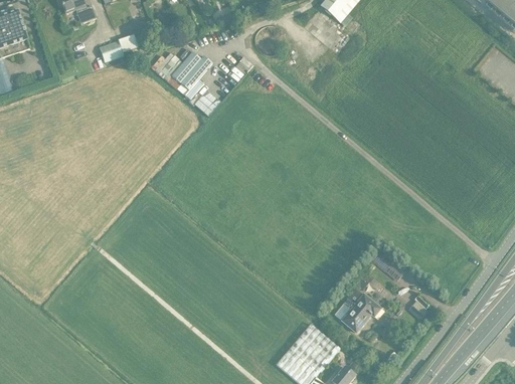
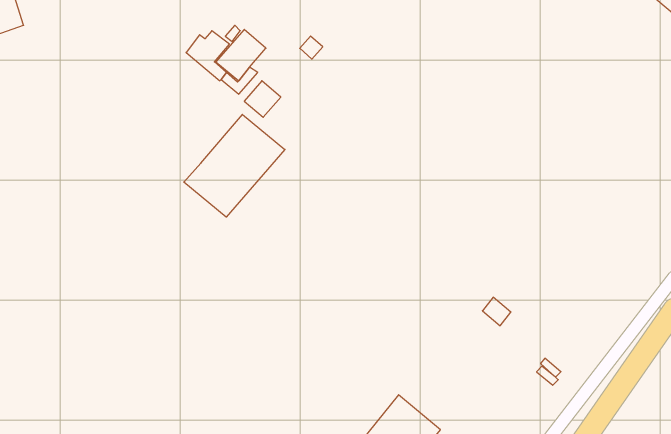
building: [99,34,137,61] -> none
building: none -> [184,114,285,217]
building: [341,292,380,330] -> none

